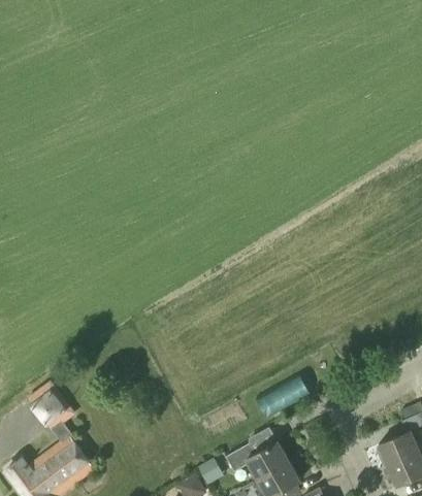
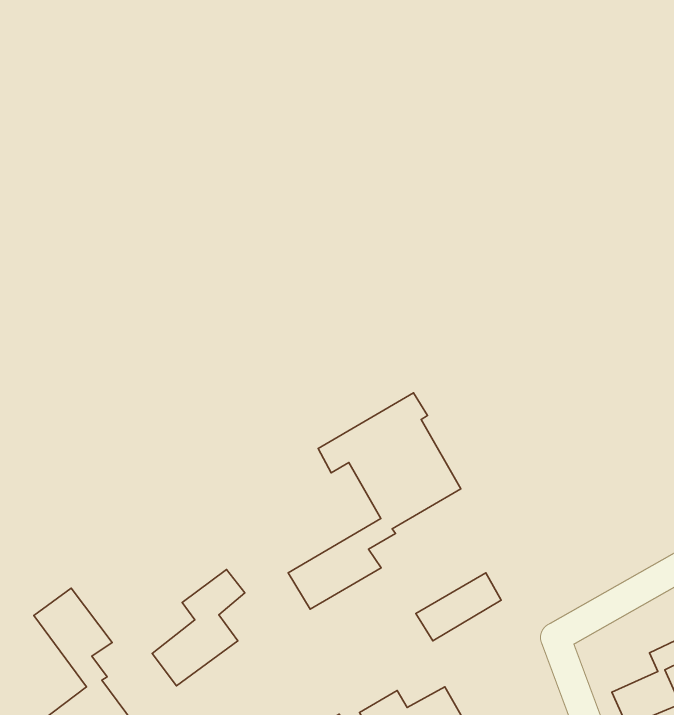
building: none -> [288,393,461,609]
building: none -> [152,569,245,686]

